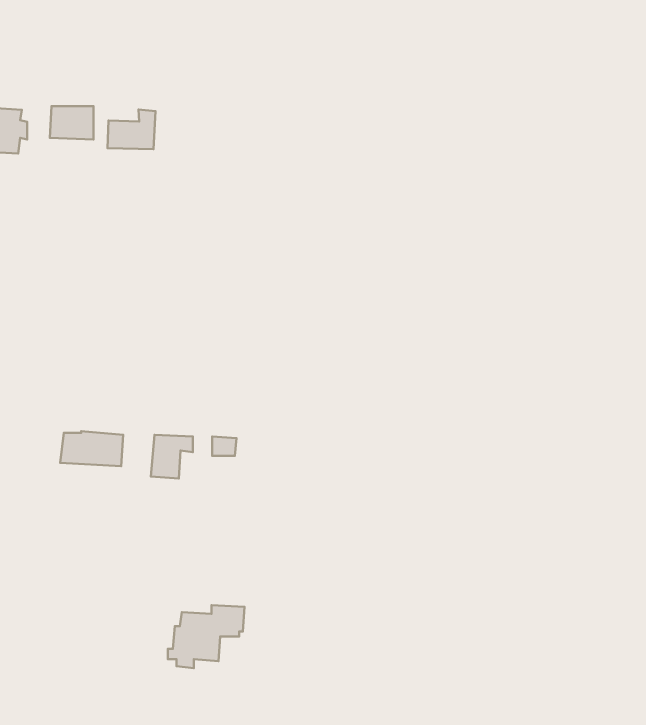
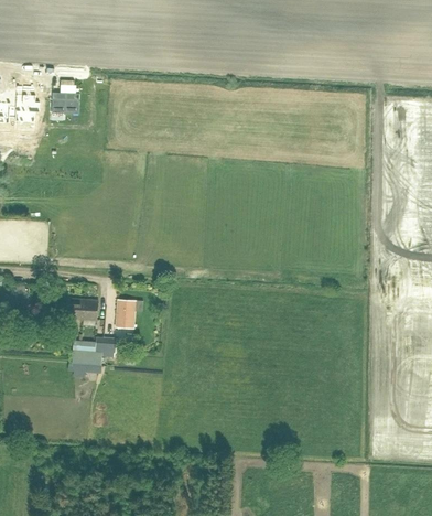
building: [107,109,156,149] -> none
building: [168,605,245,668] -> [68,336,117,376]

